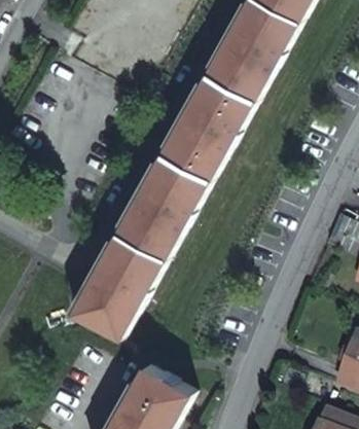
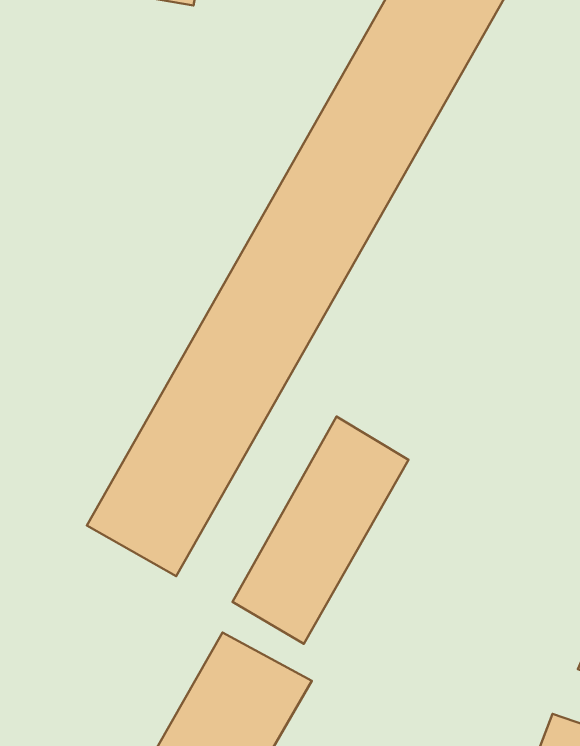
building: none -> [232,416,409,644]

